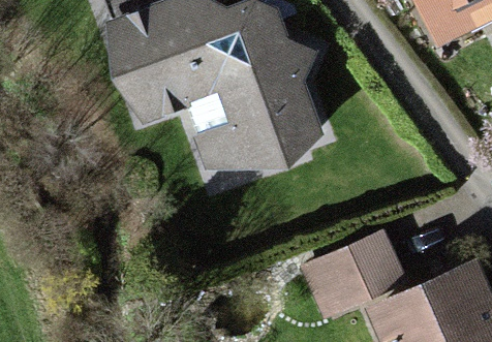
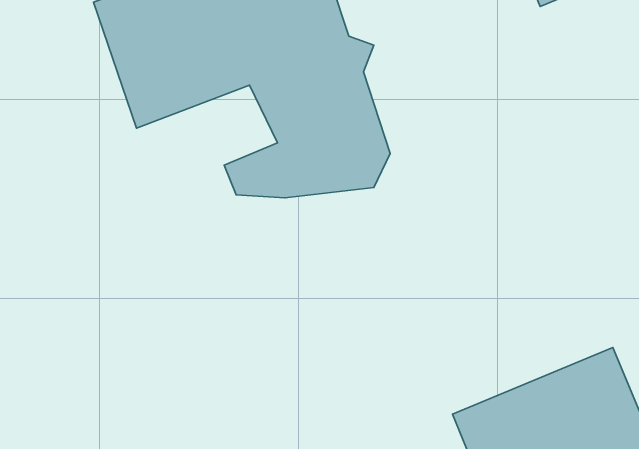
building: [307,232,410,320] -> none

